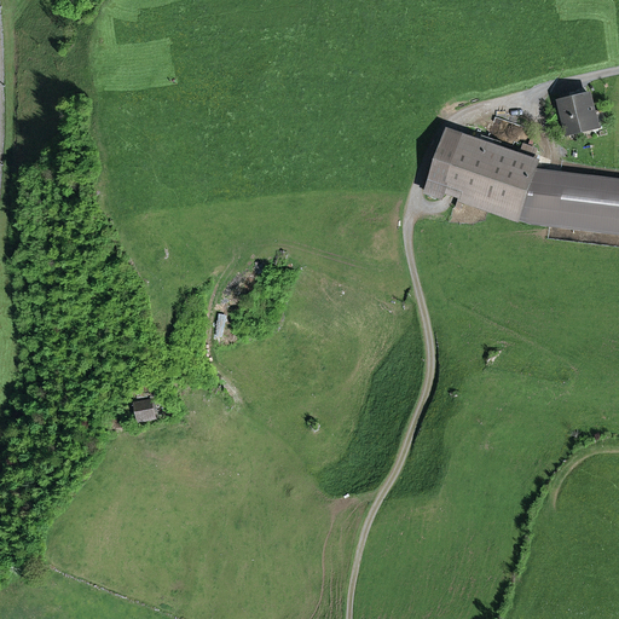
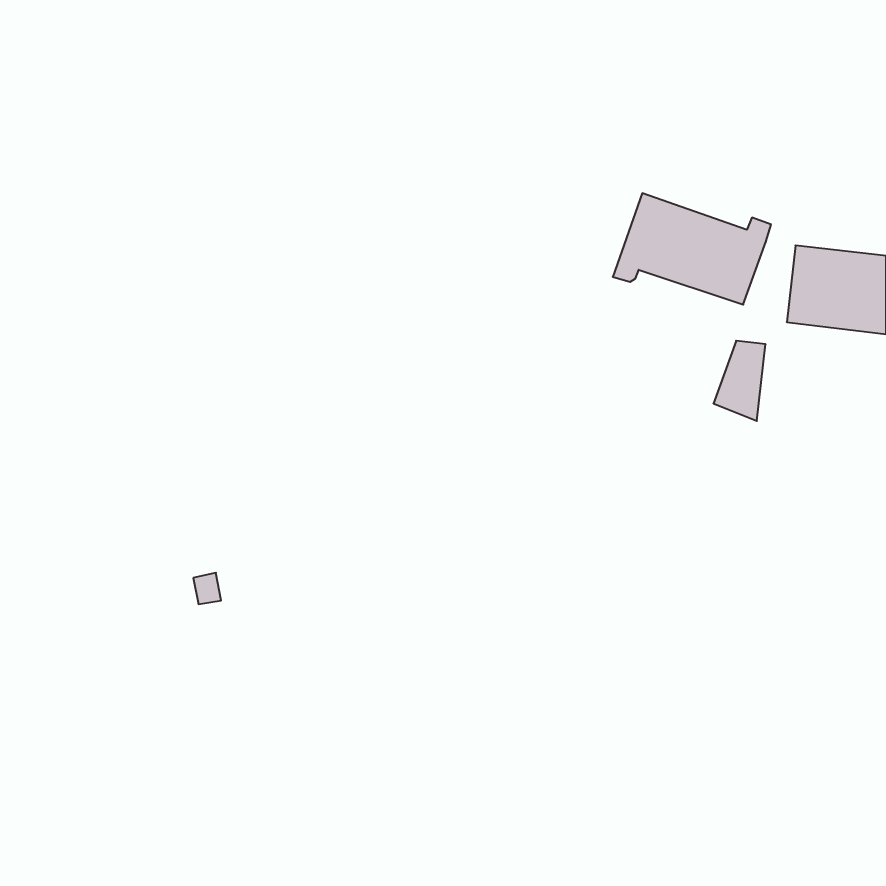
building: [556,92,607,128] -> none
building: [516,168,553,224] -> [713,341,766,421]

